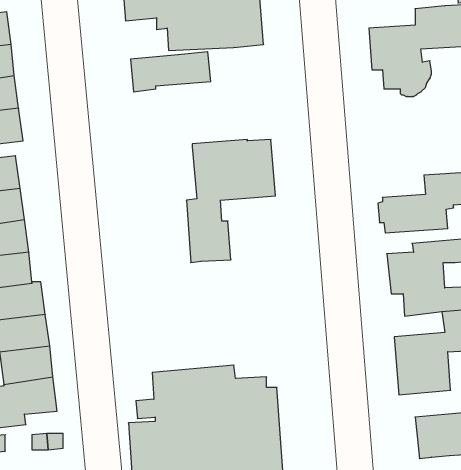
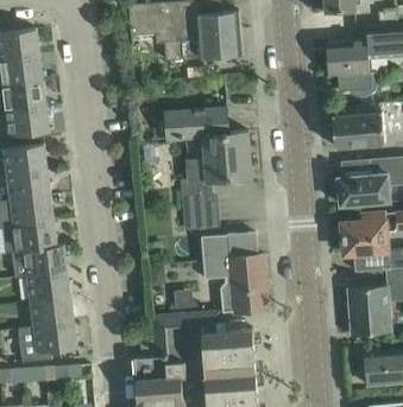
building: [131,52,211,92] -> [165,108,229,140]
building: none -> [329,106,385,150]
building: none -> [202,234,269,314]

